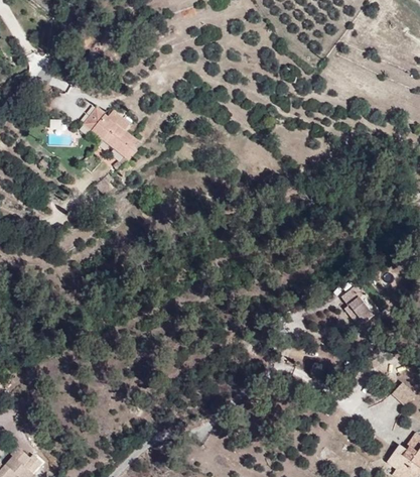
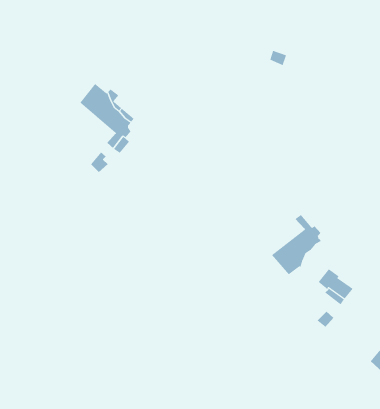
building: none -> [271,214,322,275]

